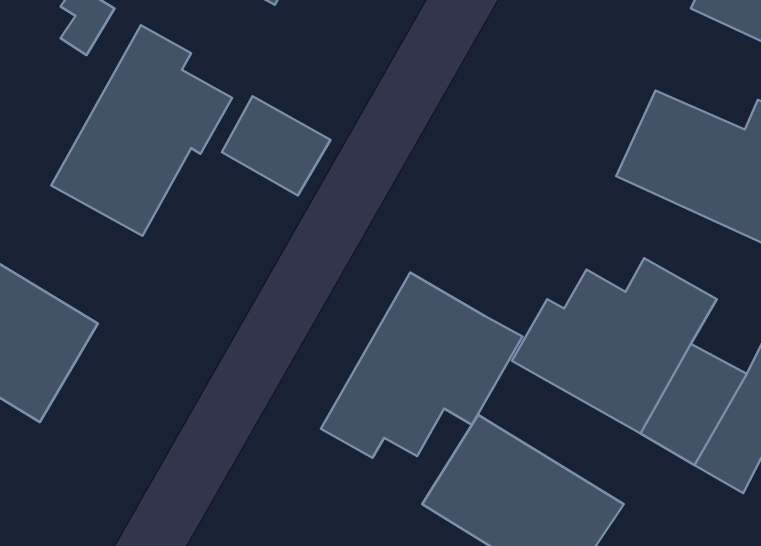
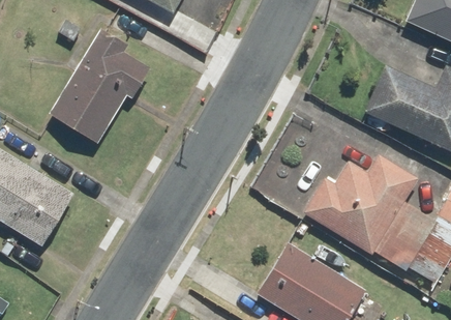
building: [222,96,331,195] -> none
building: [321,273,523,458] -> none

